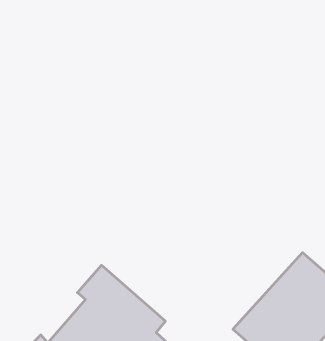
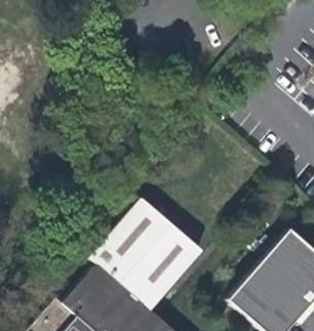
building: none -> [106,211,194,297]

